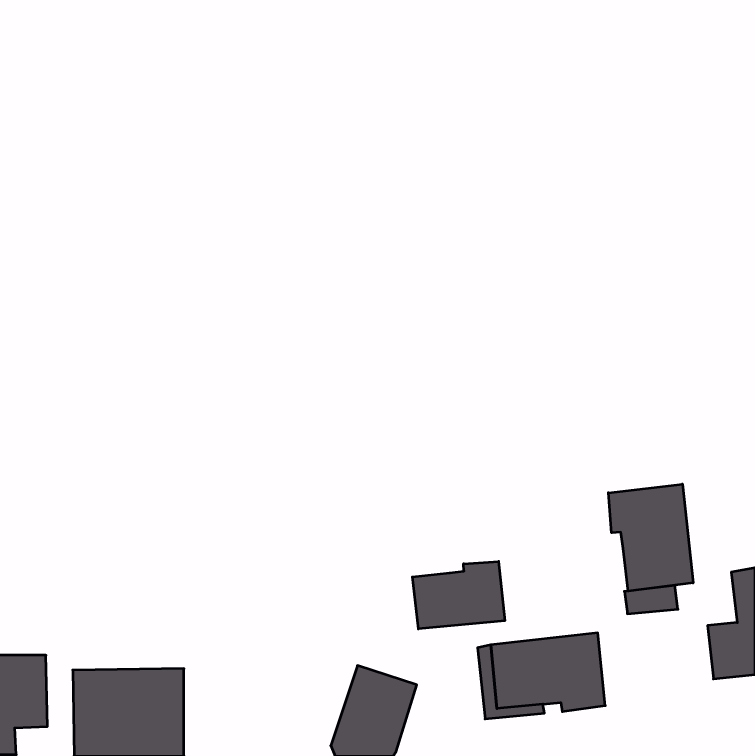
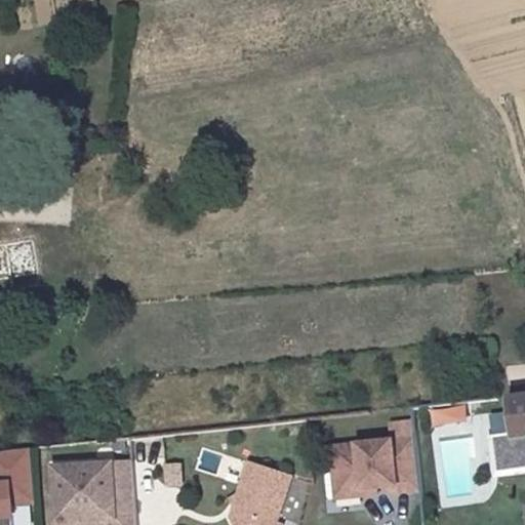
building: [608,484,693,591] -> none
building: [412,561,505,629] -> none

